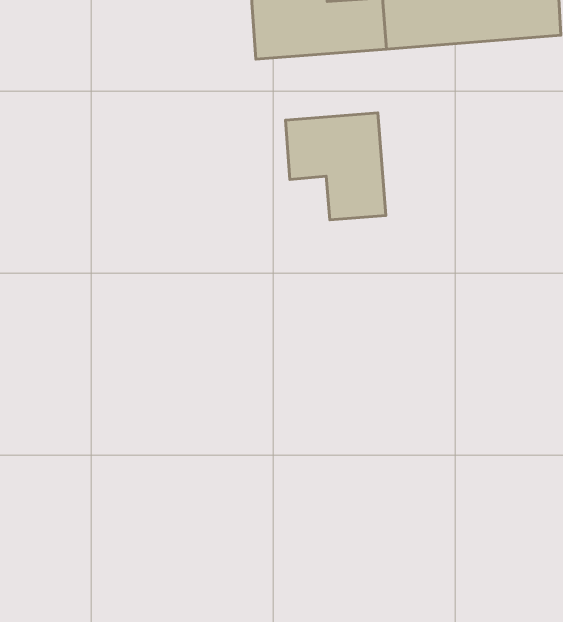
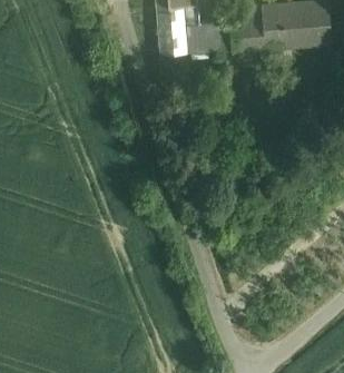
building: [286,113,386,220] -> none

